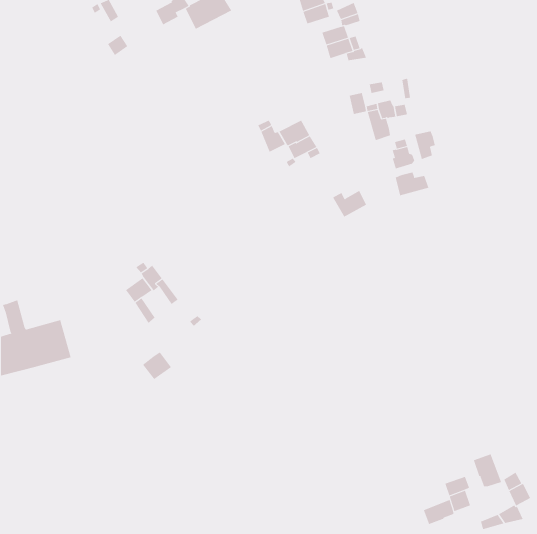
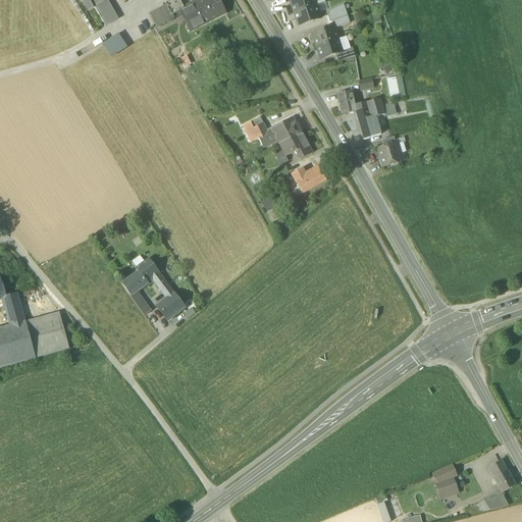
building: [414,130,436,160] -> none
building: [395,171,429,196] -> none
building: [332,190,367,218] -> [292,164,325,191]
building: [142,351,172,380] -> [156,291,185,318]
building: [473,454,502,487] -> none
building: [423,499,454,525] -> none

